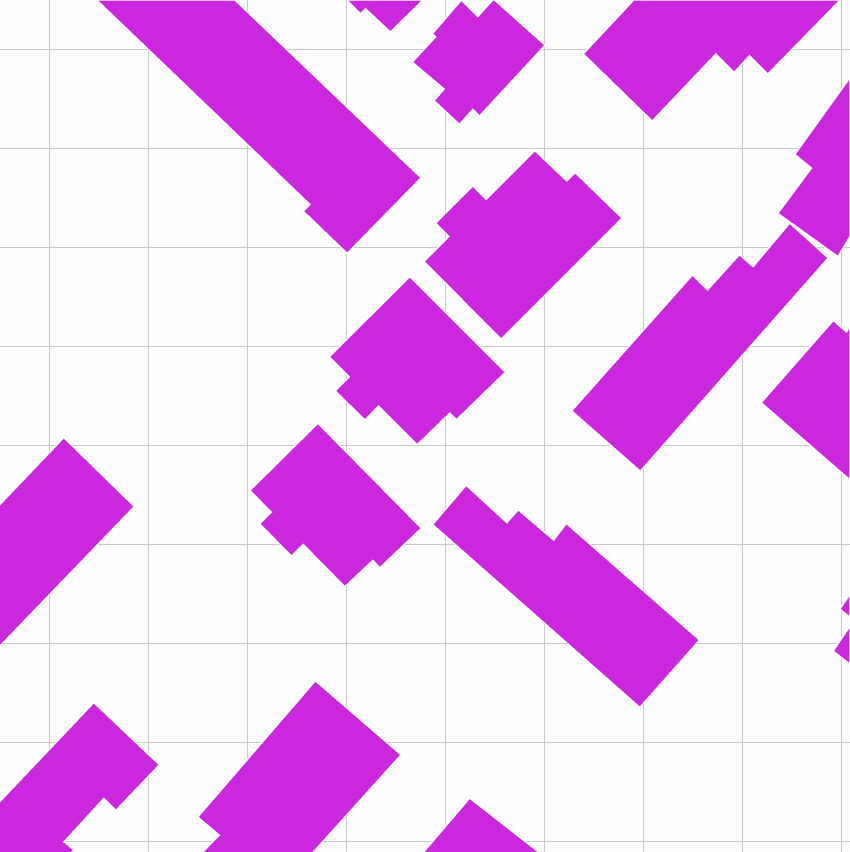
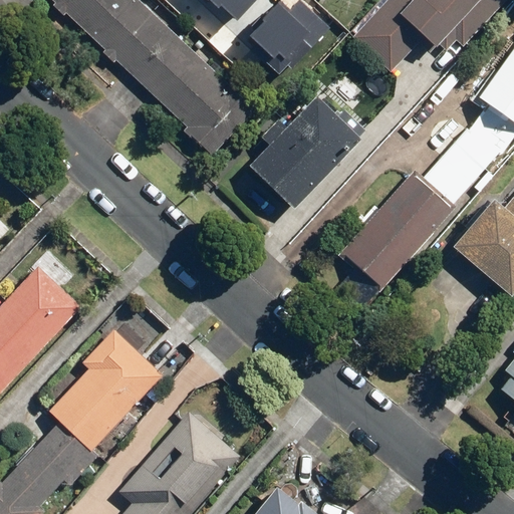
building: [330,277,505,444] -> none
building: [250,424,421,586] -> none
building: [433,485,700,707] -> none
building: none -> [48,328,162,450]

